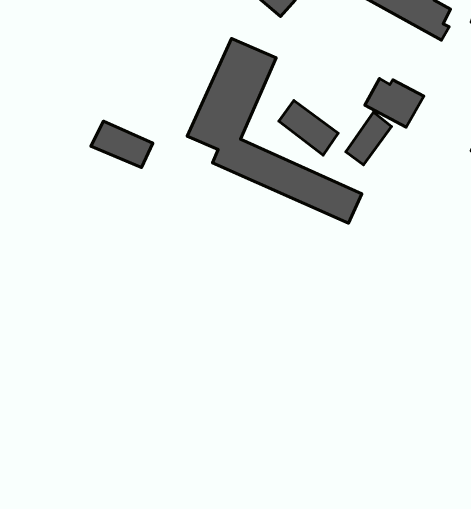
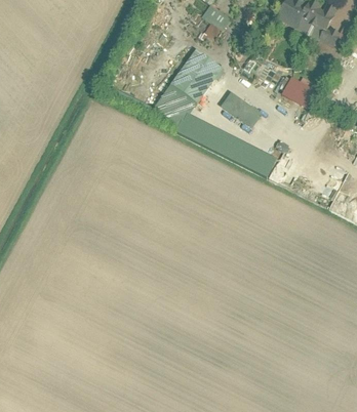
building: [346,112,392,165] -> none
building: [91,121,153,167] -> none

